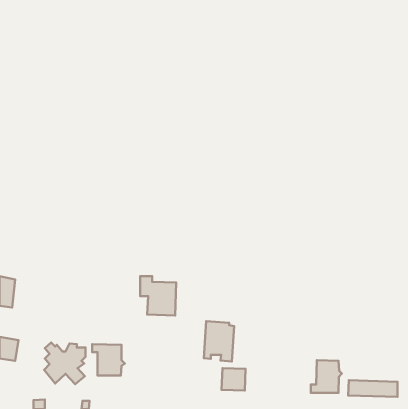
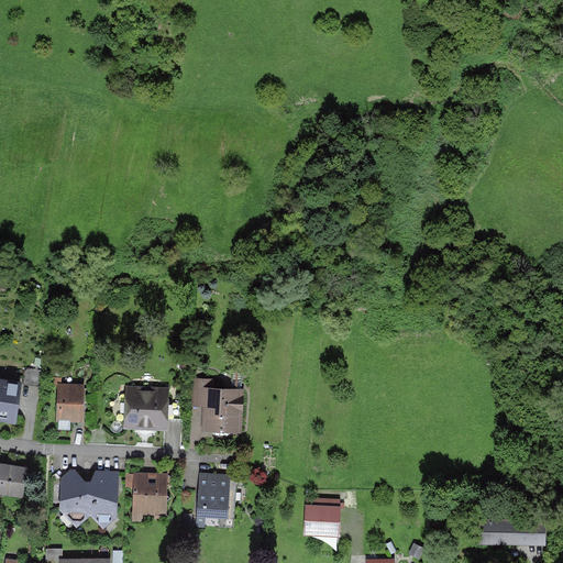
building: none -> [57,386,82,422]
building: none -> [122,387,169,429]
building: [204,321,234,361] -> [195,473,236,528]
building: [311,360,342,393] -> none

